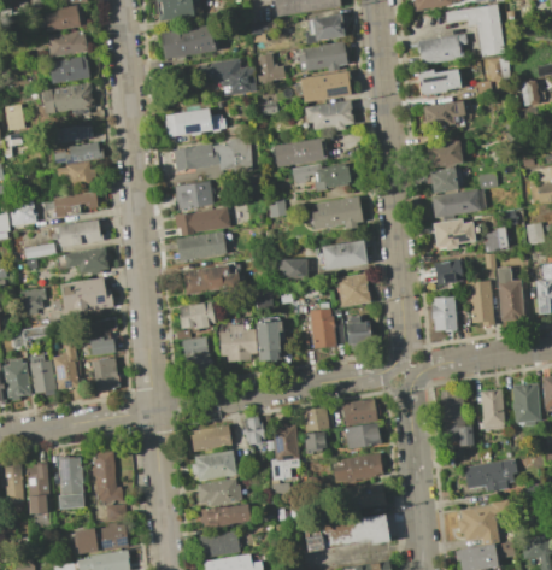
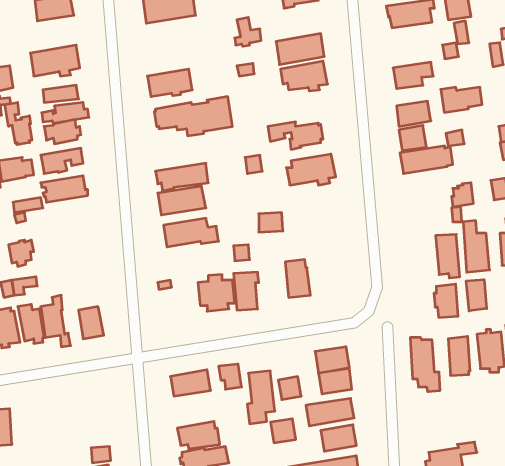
building: [298,41,347,71] -> none
building: [51,55,90,83] -> none
building: [198,58,257,95] -> none
building: [417,69,460,95] -> [441,87,482,112]
building: [274,137,323,166] -> none
building: none -> [5,102,32,145]
building: [175,181,213,210] -> none
building: [433,218,475,249] -> none
building: [318,240,368,269] -> none
building: [64,247,108,274] -> none
building: [434,258,463,284] -> none
building: [336,272,370,306] -> none
building: [59,277,113,313] -> none
building: [430,295,456,330] -> [434,284,458,317]
building: [177,301,215,328] -> none
building: [88,317,114,354] -> none
building: [346,321,371,349] -> none
building: none -> [466,280,487,311]
building: [182,336,210,371] -> none
building: [303,406,329,431] -> [271,419,296,443]
building: [190,449,236,480] -> none
building: [90,451,123,501] -> none
building: [59,456,83,509] -> none
building: [464,458,517,492] -> none
building: [27,460,49,513] -> none

